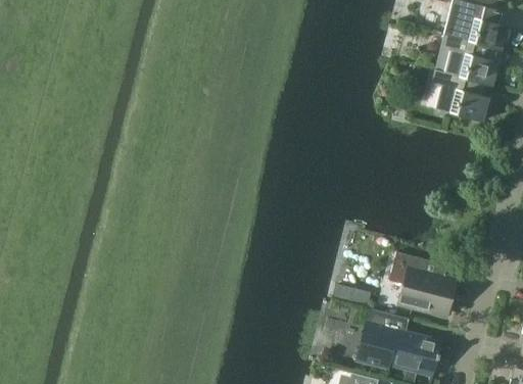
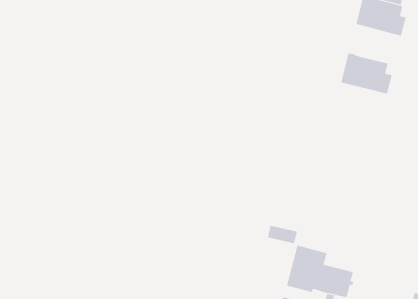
building: [439,35,496,86] -> none
building: [389,252,456,314] -> none

